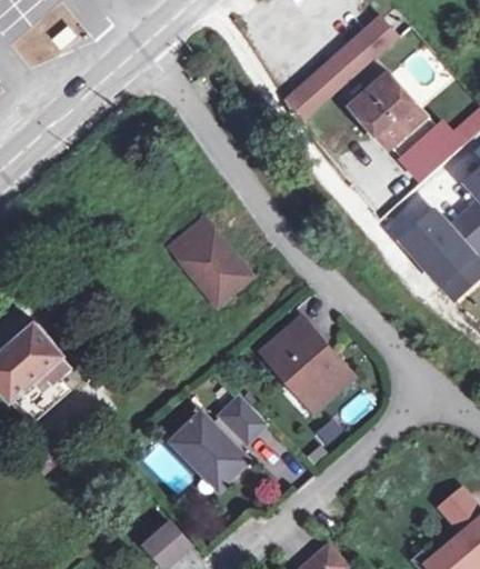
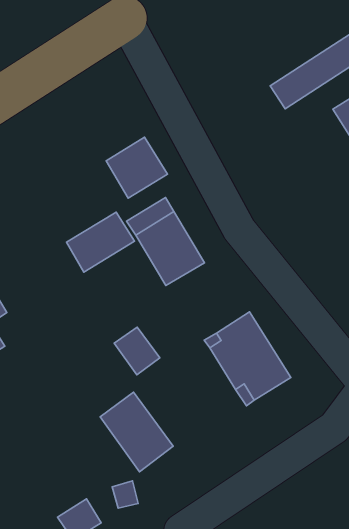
building: none -> [106,137,168,198]
building: none -> [67,212,135,272]
building: [219,398,266,445] -> [114,327,160,375]

